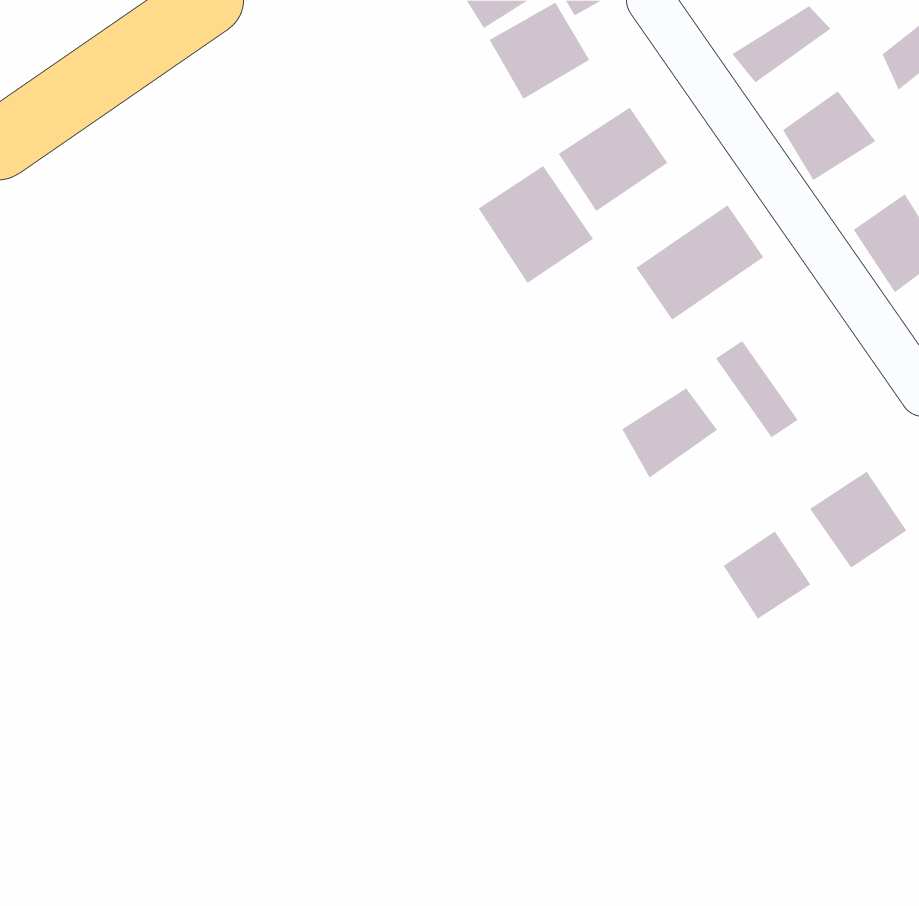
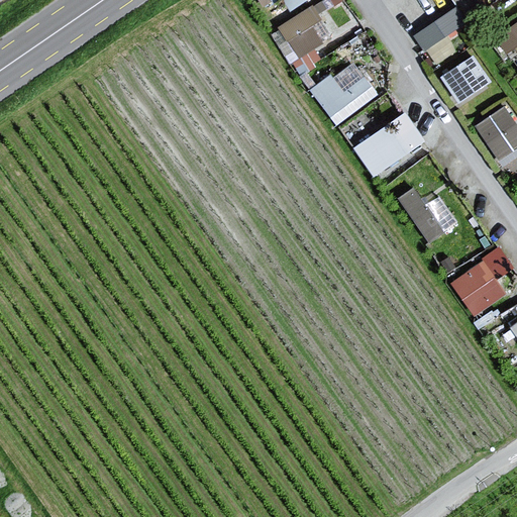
building: [478,165,594,284] -> none
building: [622,387,718,478] -> none
building: [723,530,811,619] -> none

